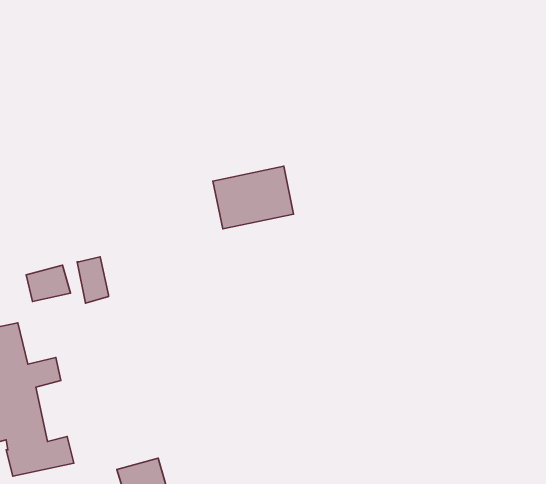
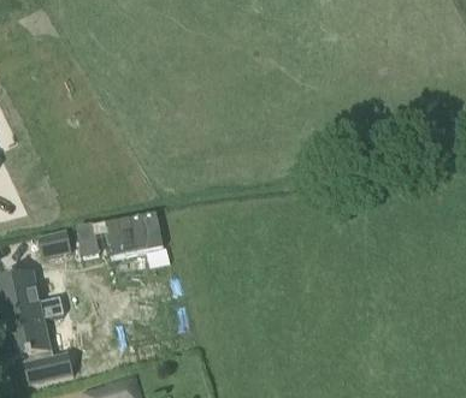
building: [213,166,294,229] -> [105,210,164,256]

